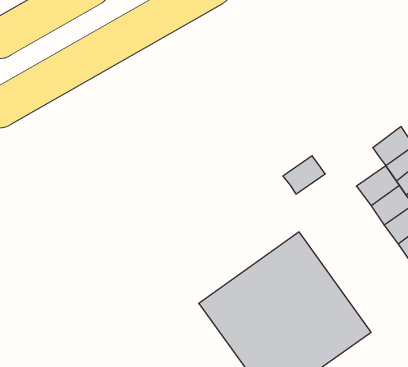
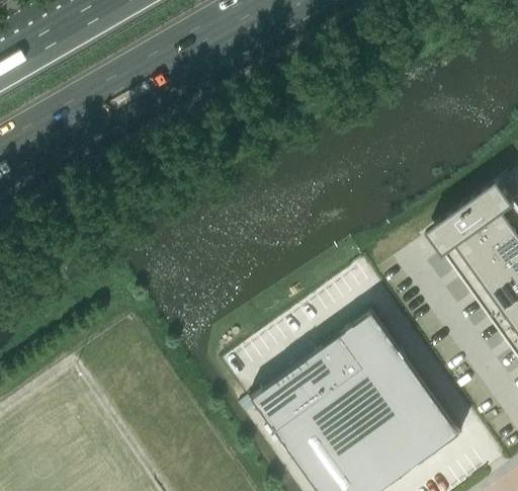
building: [283,156,325,194] -> [429,207,482,254]

